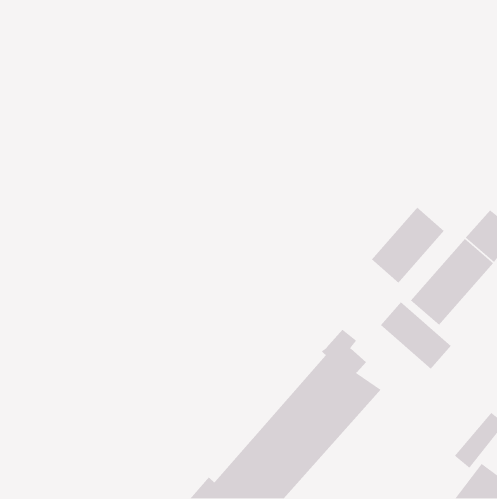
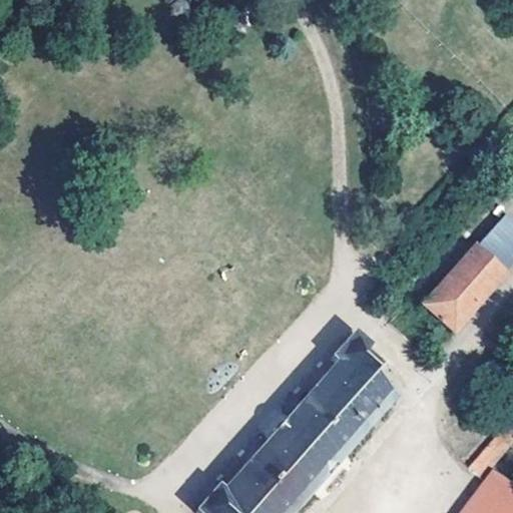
building: [371,206,445,284] -> none
building: [380,301,452,370] -> none

